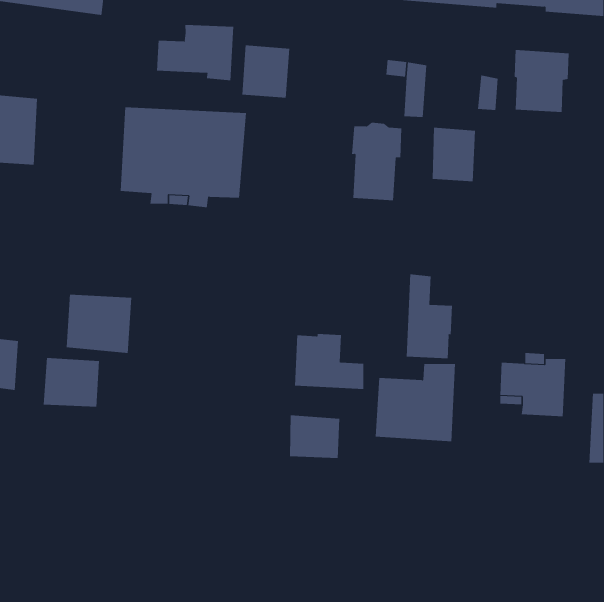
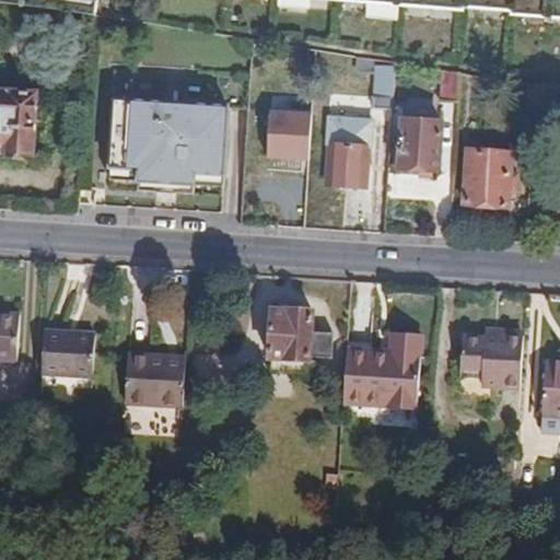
building: [156,24,234,81] -> none
building: [241,45,290,98] -> [266,108,311,158]
building: [514,49,570,112] -> [463,147,514,205]
building: [406,273,452,359] -> none
building: [66,294,132,353] -> [124,351,185,406]
building: [290,415,340,459] -> none

